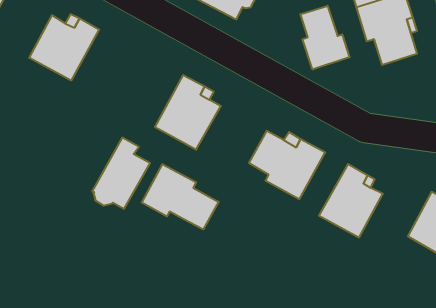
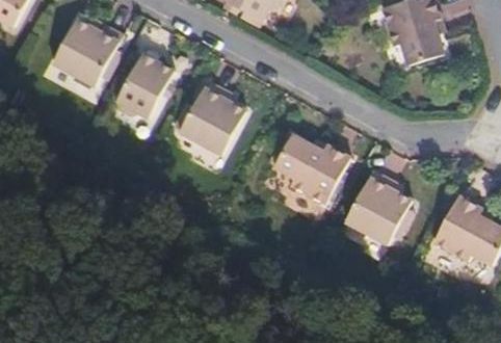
building: [300,6,350,69] -> none
building: [92,138,150,209] -> [115,46,174,117]
building: [142,164,219,229] -> none

